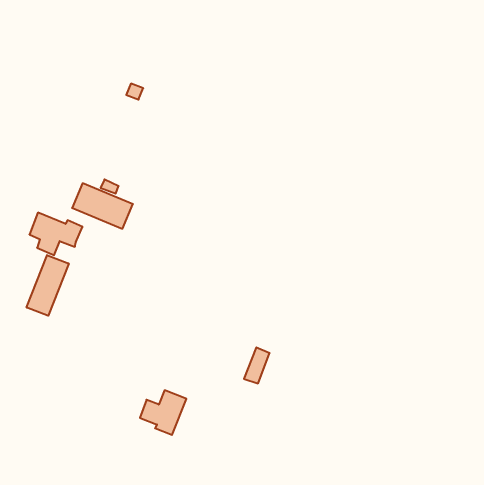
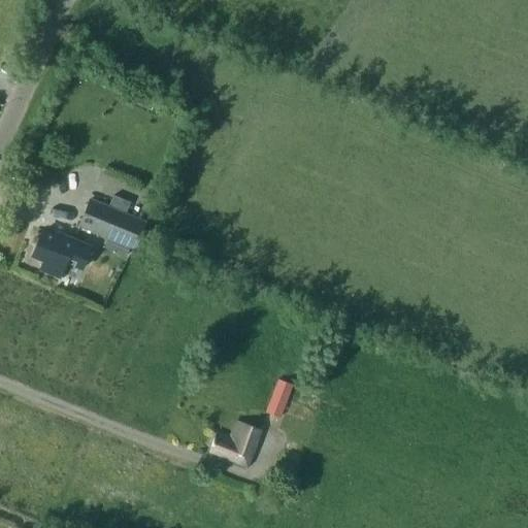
building: [27,255,69,316] -> none
building: [140,390,186,435] -> [210,421,261,469]

